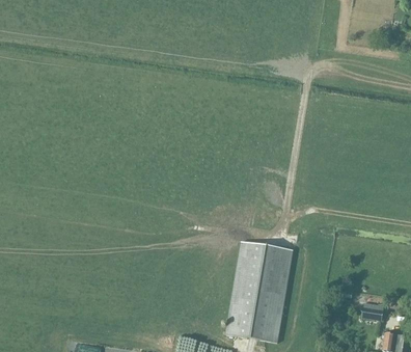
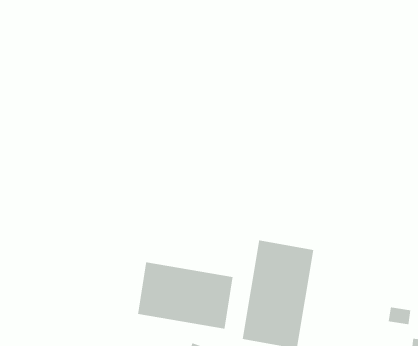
building: none -> [138,262,233,329]

